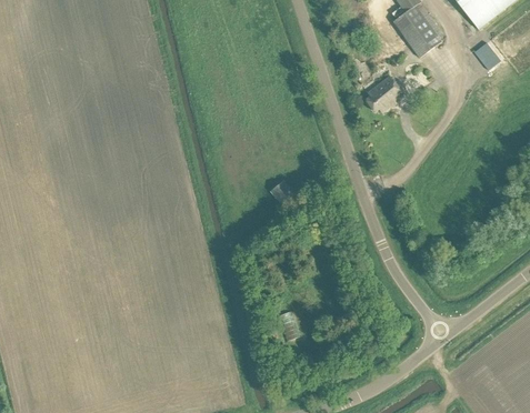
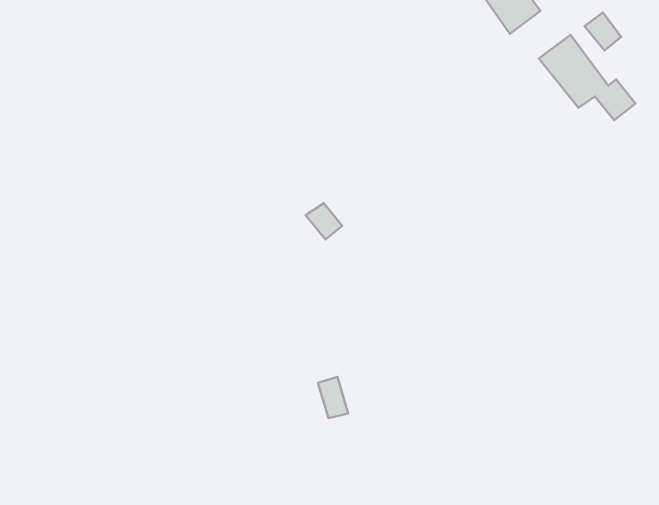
building: none -> [539,35,636,120]
building: [367,75,404,112] -> none

